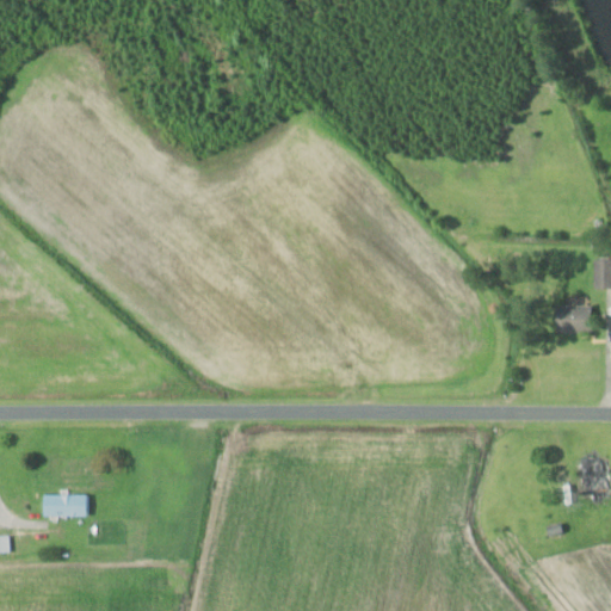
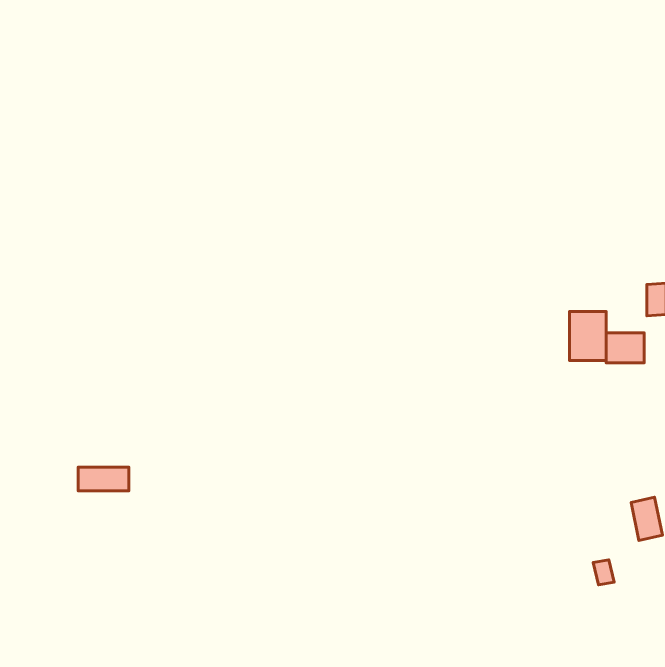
building: none -> [569,312,606,361]
building: [43,494,90,516] -> [78,467,129,491]

